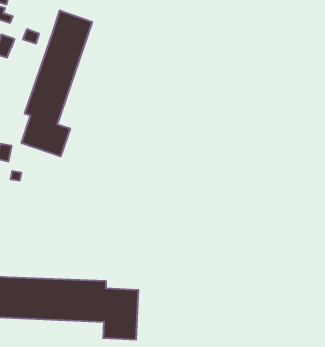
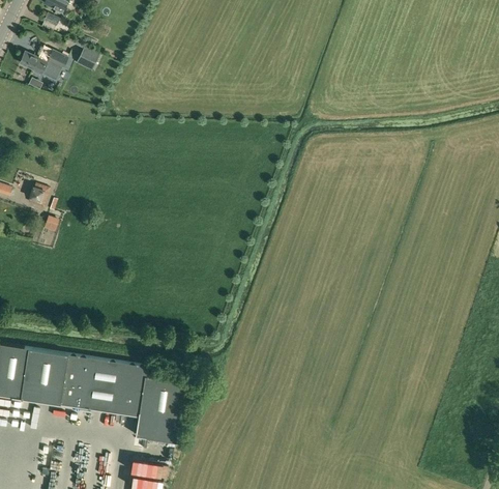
building: [22,10,92,156] -> none

